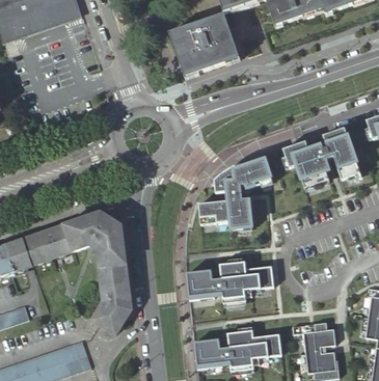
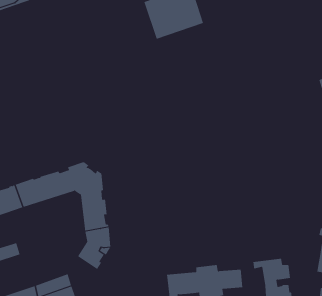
building: [282,127,361,188] -> none
building: [198,159,272,228] -> none
building: [187,261,273,302] -> none

